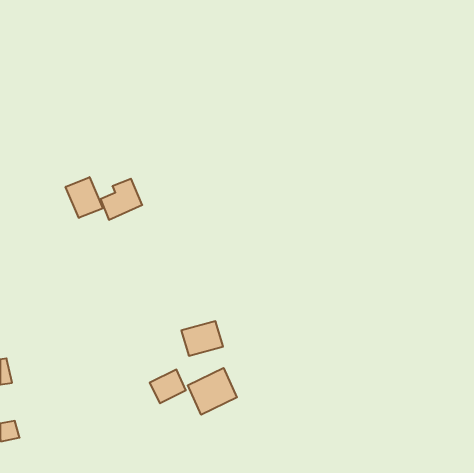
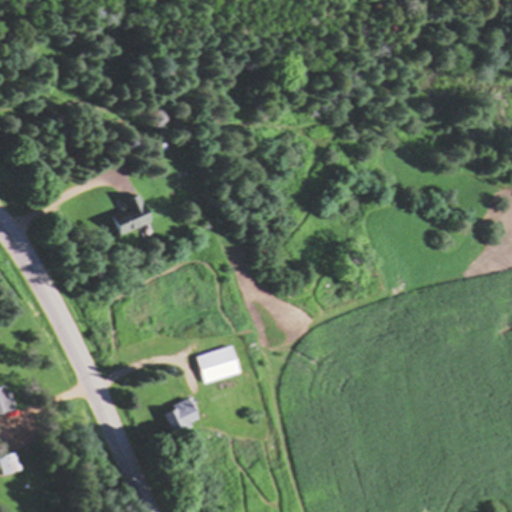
building: [66,177,103,218] -> none
building: [188,368,237,415] -> none

